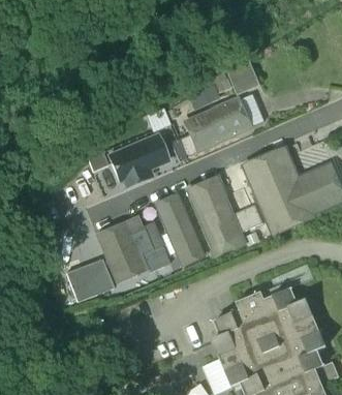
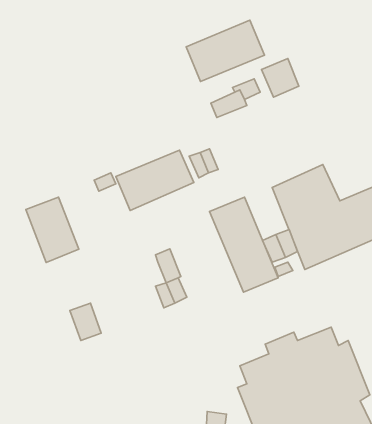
building: [186,94,253,147] -> [186,20,264,82]
building: [158,194,204,264] -> none
building: [95,223,141,279] -> [26,197,79,262]

